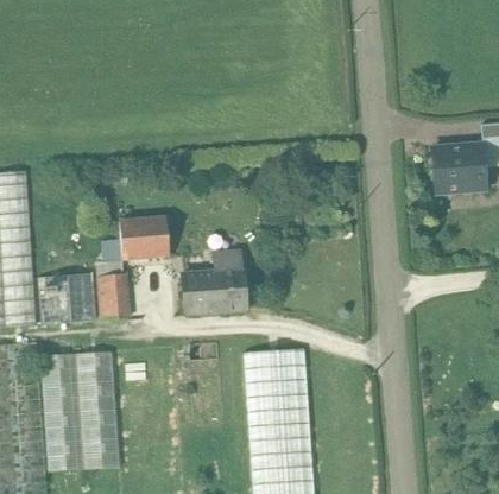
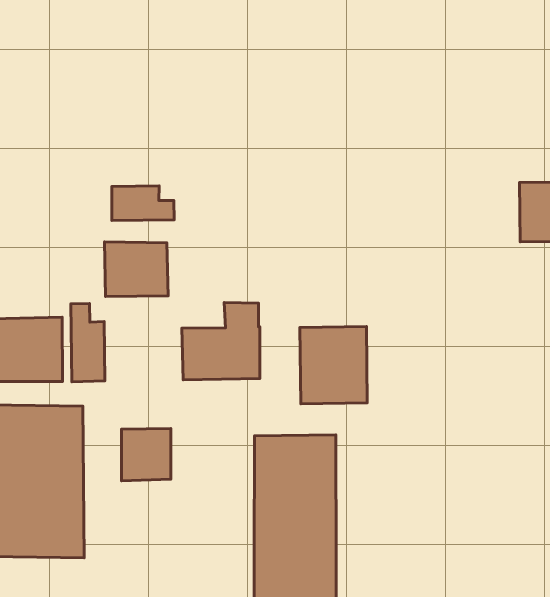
building: none -> [112,186,174,221]
building: none -> [300,326,367,404]
building: none -> [121,429,171,481]

